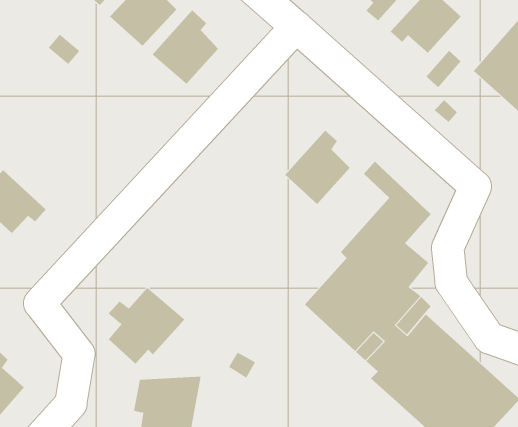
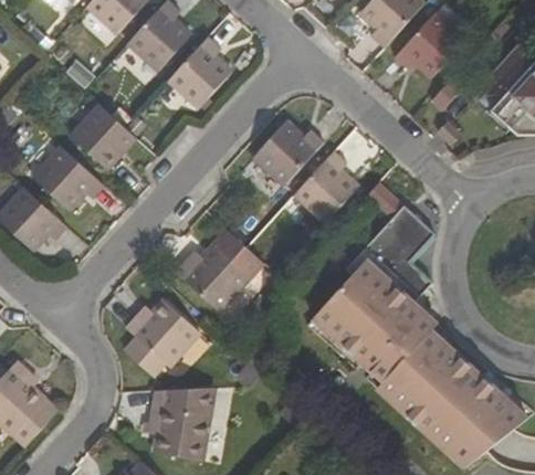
building: none -> [72,105,136,170]
building: none -> [254,123,324,186]
building: none -> [33,147,104,211]
building: none -> [177,232,262,310]

